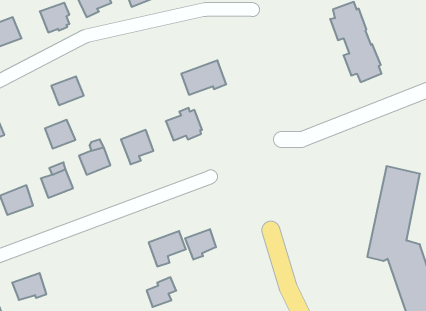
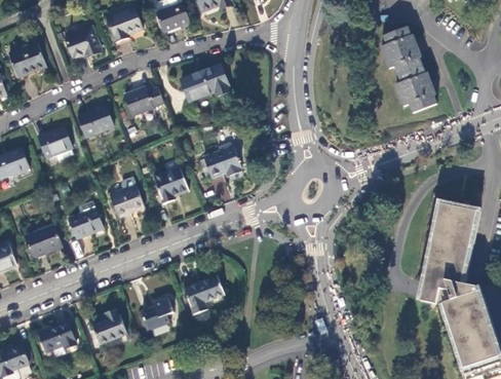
building: none -> [126,87,165,115]
building: [181,60,226,95] -> [183,65,231,102]
building: [45,120,75,149] -> [38,128,71,159]
building: [185,229,216,260] -> none
building: none -> [90,306,126,342]
building: [147,277,176,307] -> [141,296,172,328]

